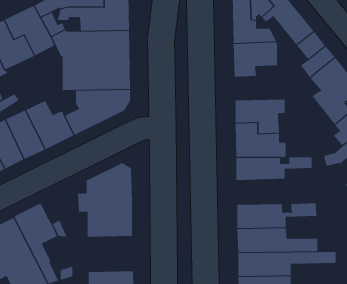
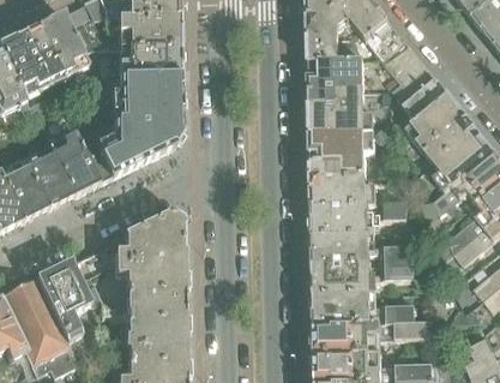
building: none -> [308,89,373,132]
building: none -> [311,231,411,263]
building: none -> [124,303,183,347]

